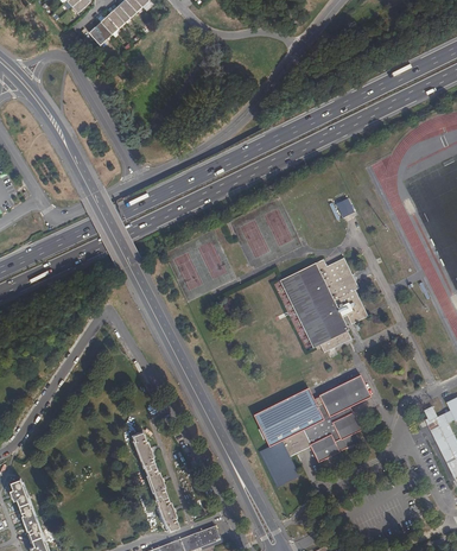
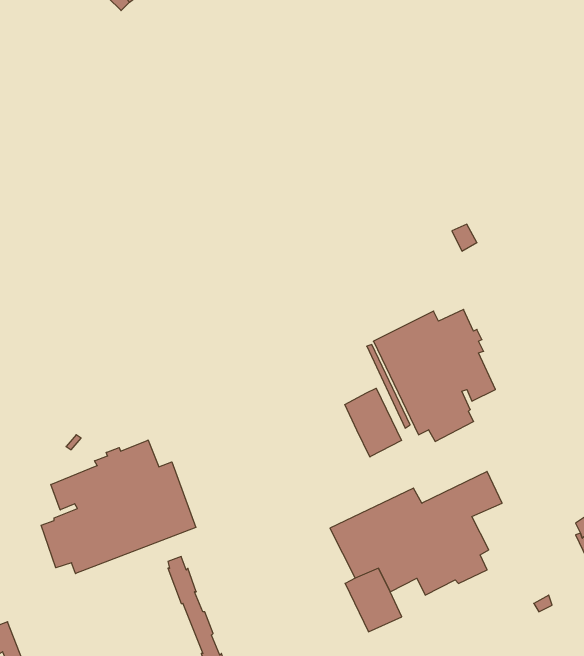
building: none -> [345,388,401,457]
building: none -> [41,440,196,574]

